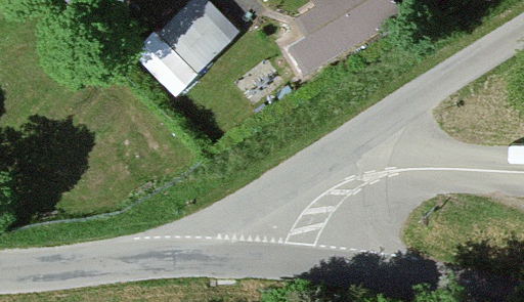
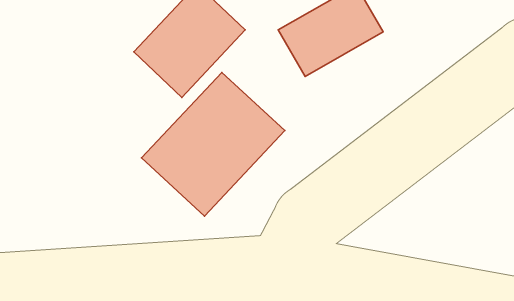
building: none -> [142,72,285,216]

